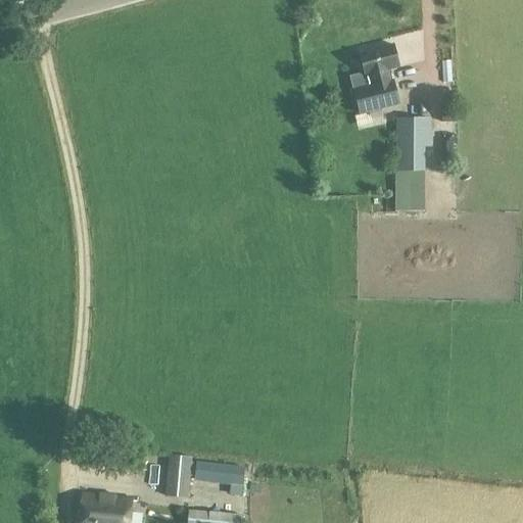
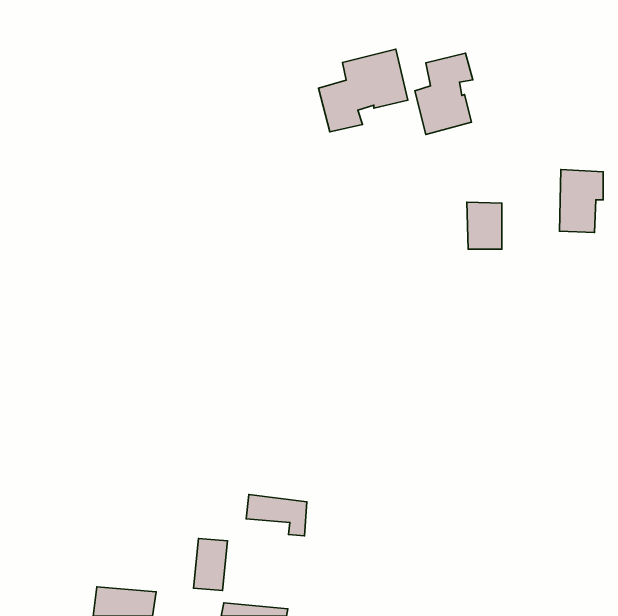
building: none -> [318,49,408,132]
building: [394,118,431,172] -> [559,170,603,232]
building: [194,461,245,495] -> [246,495,307,536]

